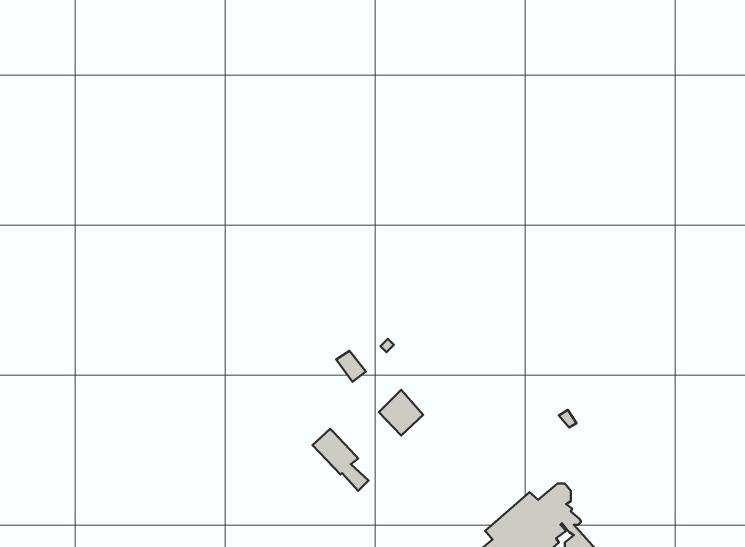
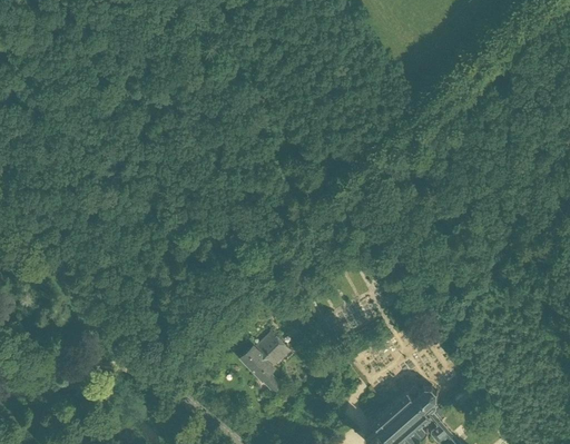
building: [379,390,423,436] -> [255,332,288,366]

